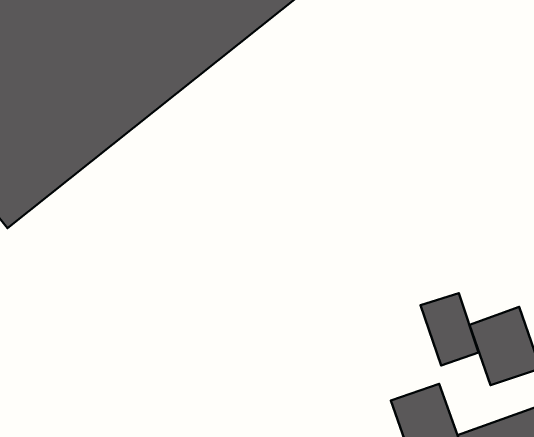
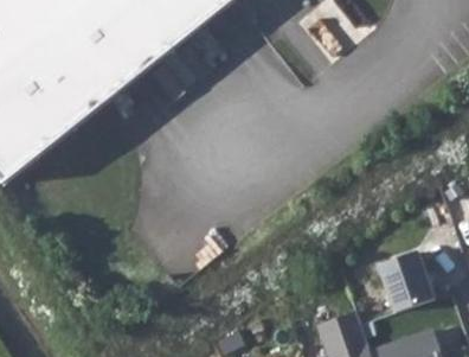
building: [421,293,479,366] -> none

